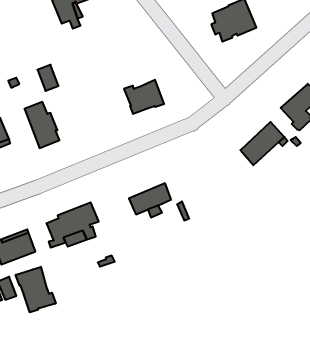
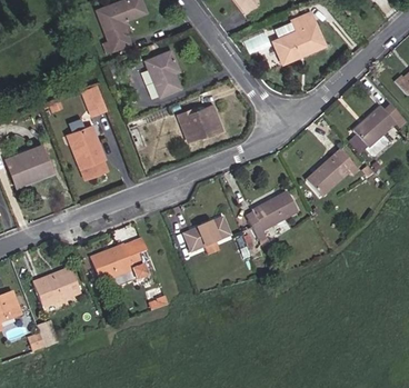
building: none -> [144,52,184,96]
building: none -> [246,191,297,245]
building: [16,267,56,312] -> none

